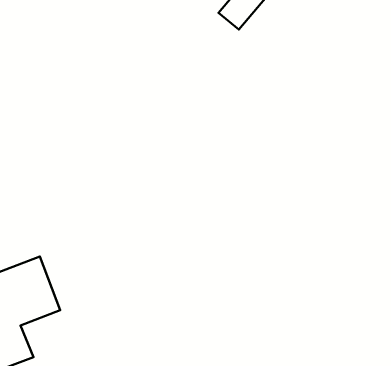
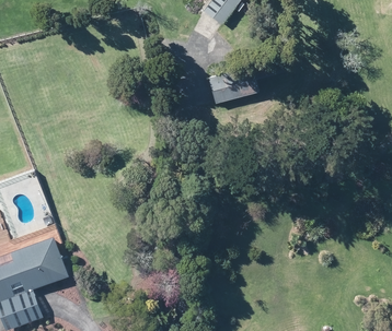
building: none -> [208,73,260,107]

